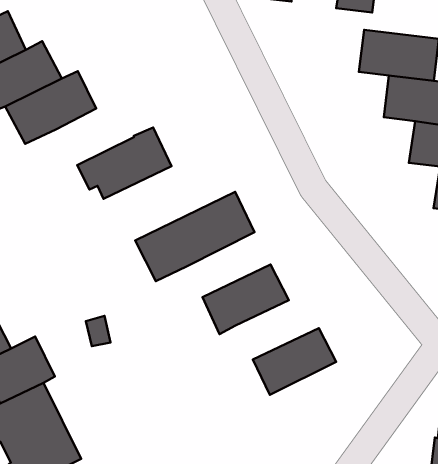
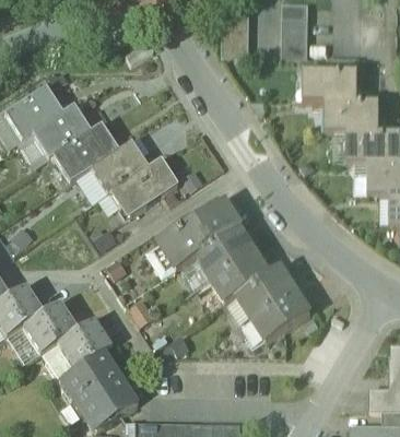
building: none -> [90,143,146,194]
building: none -> [196,226,256,277]
building: none -> [236,267,296,318]

